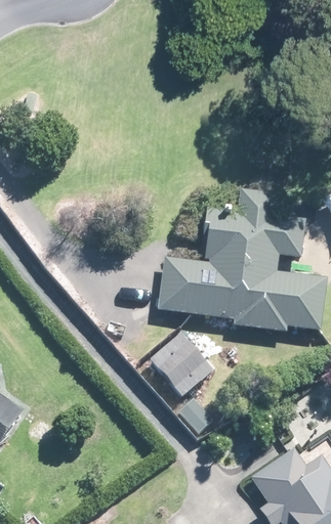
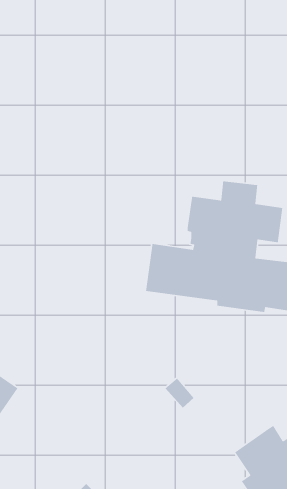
building: [140,332,206,397] -> none

